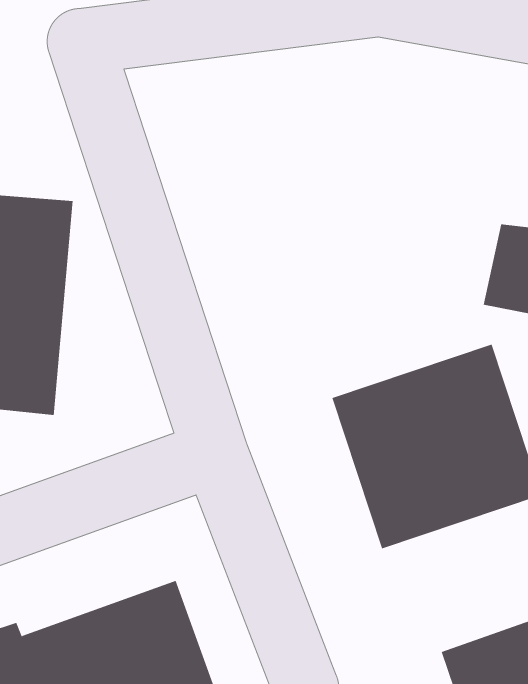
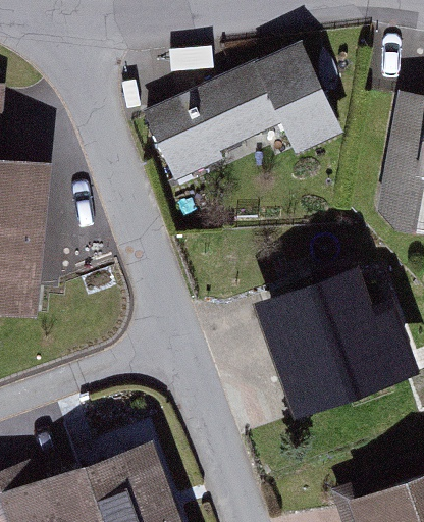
building: none -> [141,37,353,179]

